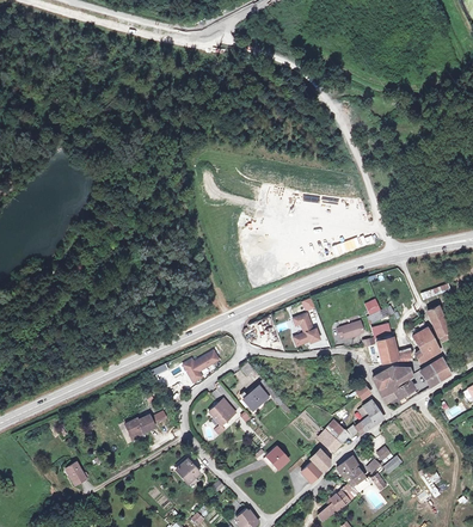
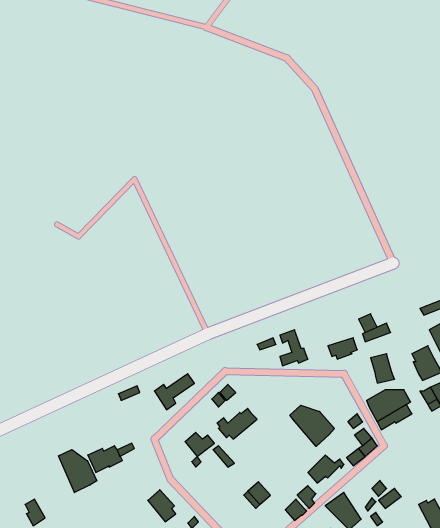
building: none -> [290,405,334,446]
building: none -> [59,450,97,493]

